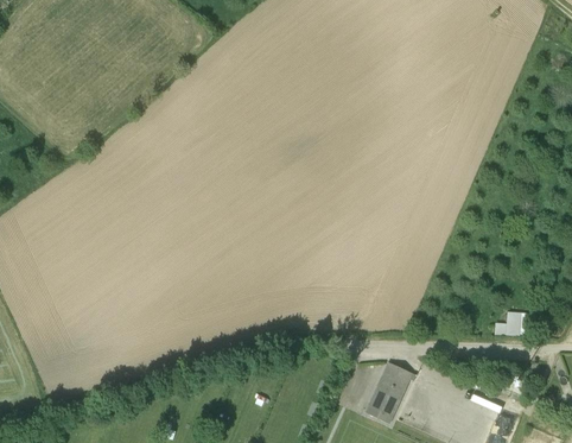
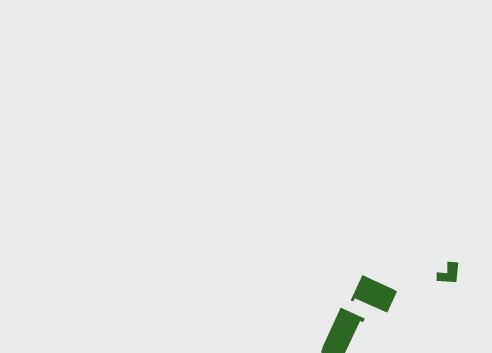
building: none -> [350,274,398,313]

